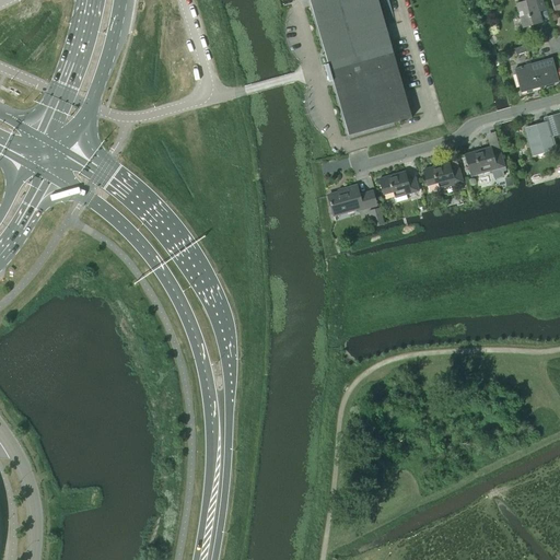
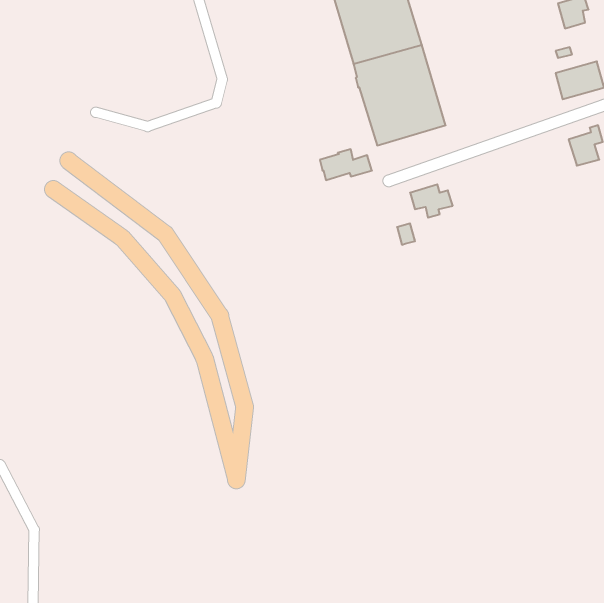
building: [465,147,504,175] -> none
building: [423,162,463,191] -> none
building: [328,185,376,213] -> [320,149,372,180]

